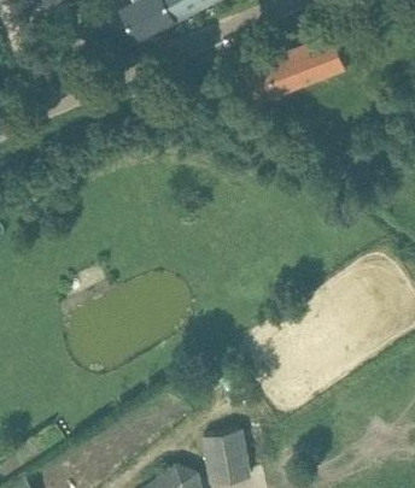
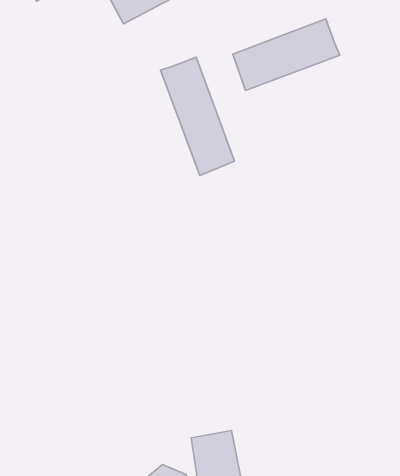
building: none -> [160,57,234,175]

